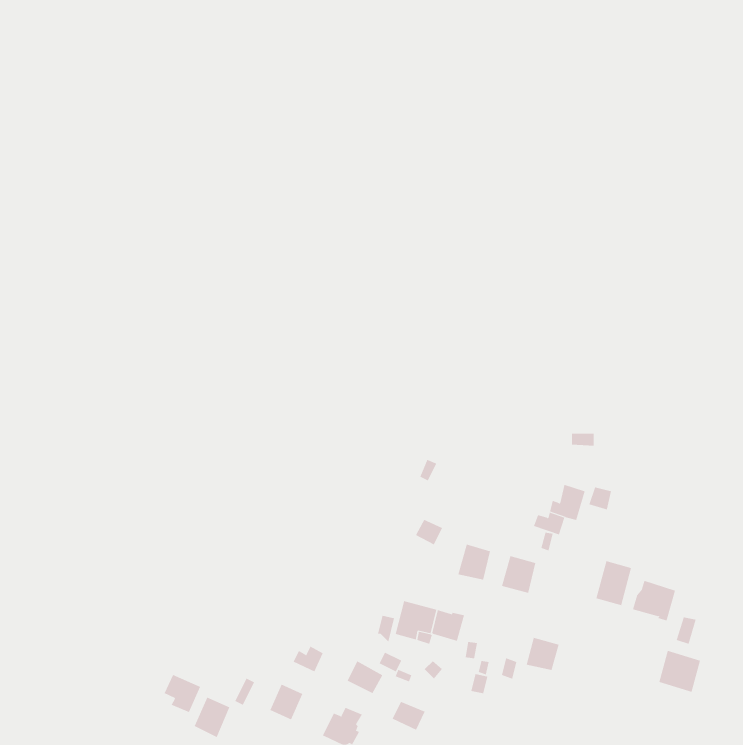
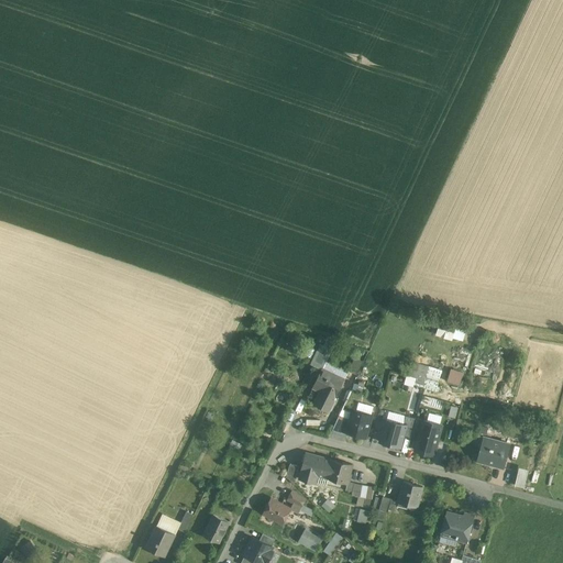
building: none -> [311,368,343,398]
building: [596,561,632,606] -> [413,420,441,454]
building: [659,650,701,692] -> [440,510,472,542]
building: [164,674,201,713] -> none

